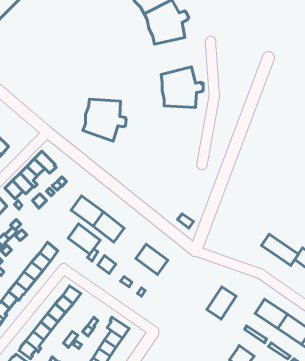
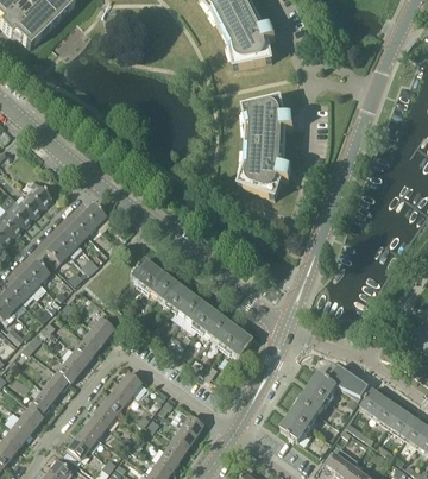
building: [83,99,126,141] -> [238,145,292,197]
building: [68,224,100,254] -> [183,298,224,336]
building: [261,234,298,266] -> [322,360,369,399]
building: none -> [281,401,317,440]

